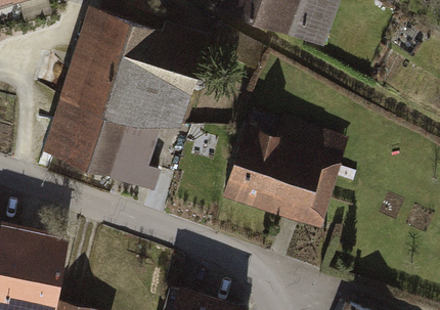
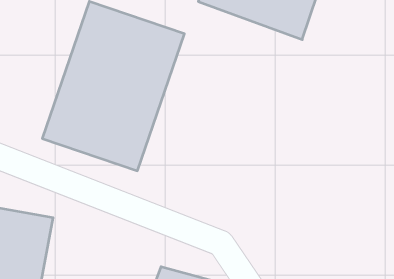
building: [222,115,350,229] -> none

